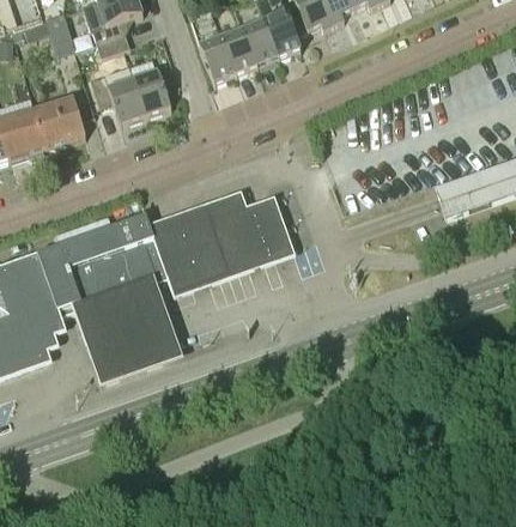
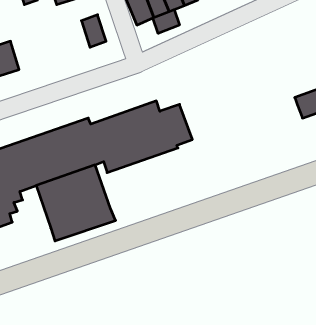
building: none -> [153,10,179,33]
building: [91,73,148,125] -> none
building: [37,97,86,147] -> none

